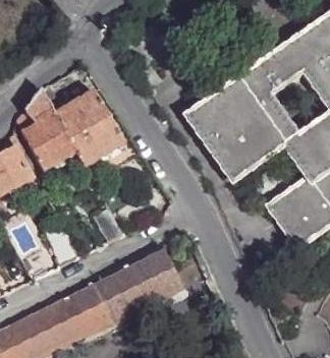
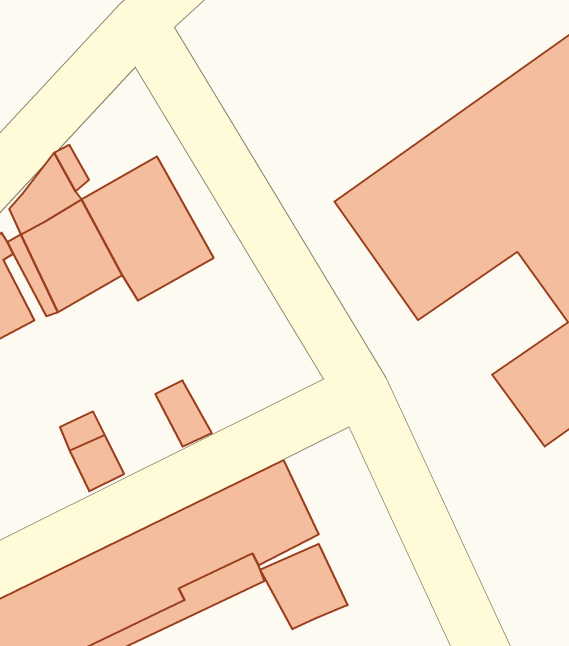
building: none -> [260,544,348,629]

